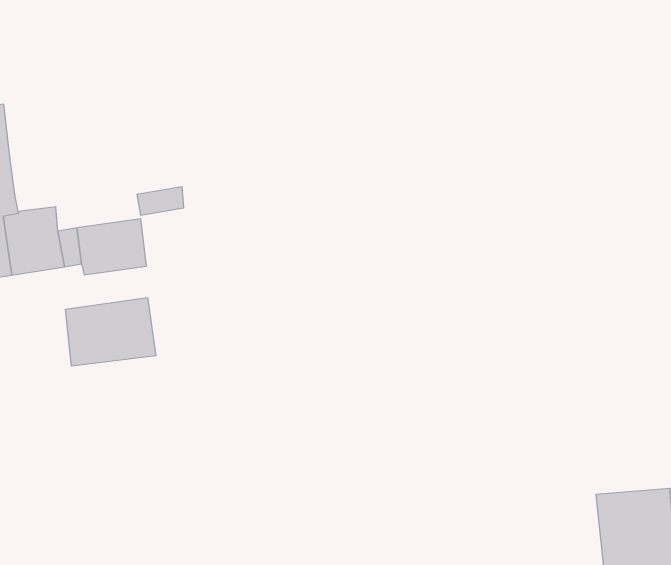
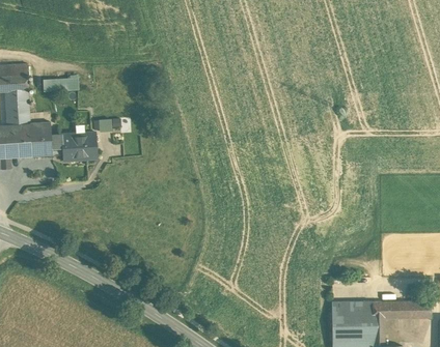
building: none -> [44,75,79,91]
building: [65,298,156,366] -> none

